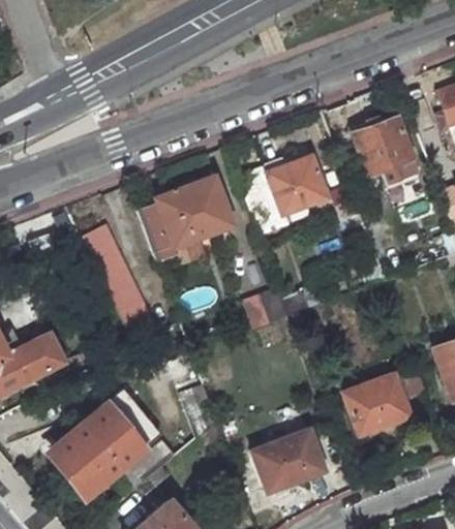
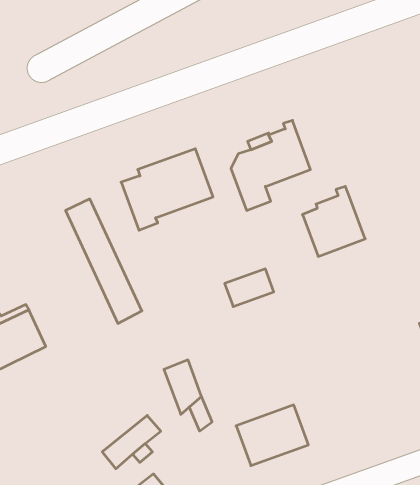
building: [353,107,415,177] -> [302,186,365,256]
building: [343,373,410,433] -> none
building: [50,387,160,493] -> none

